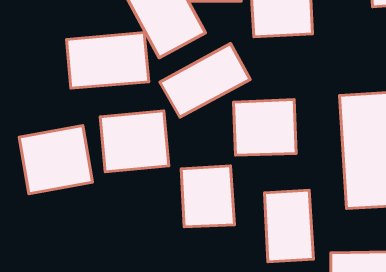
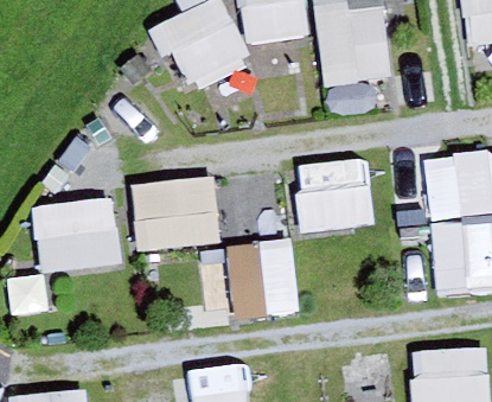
building: [67,32,149,88] -> none
building: [160,43,250,117] -> none
building: [264,190,313,262] -> none

